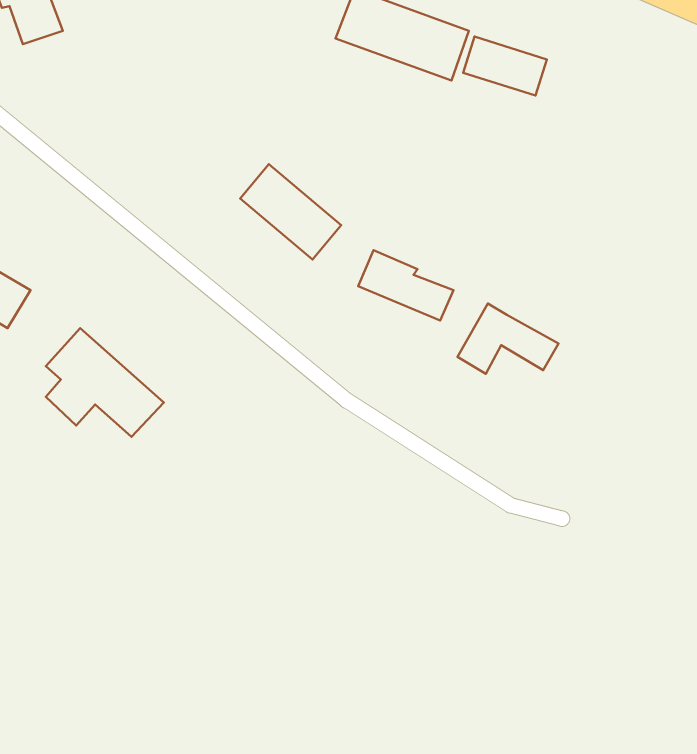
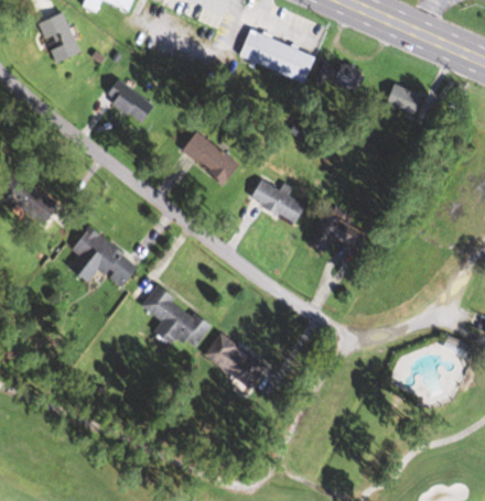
building: none -> [106,79,154,124]
building: none -> [382,81,423,117]
building: none -> [141,286,212,348]
building: none -> [204,333,266,390]

